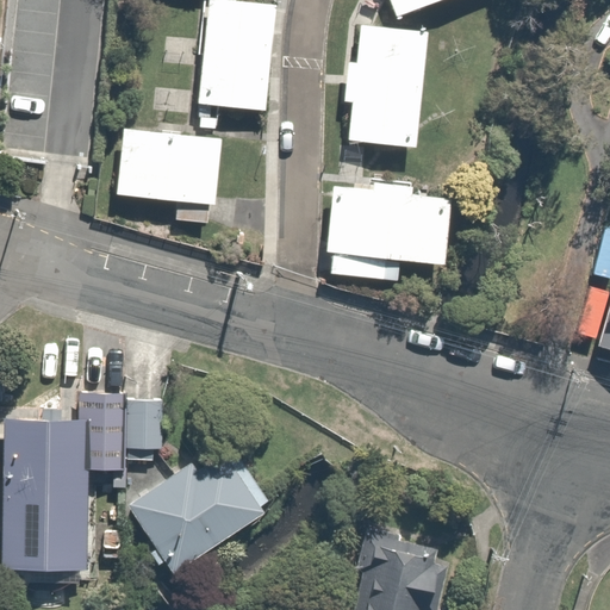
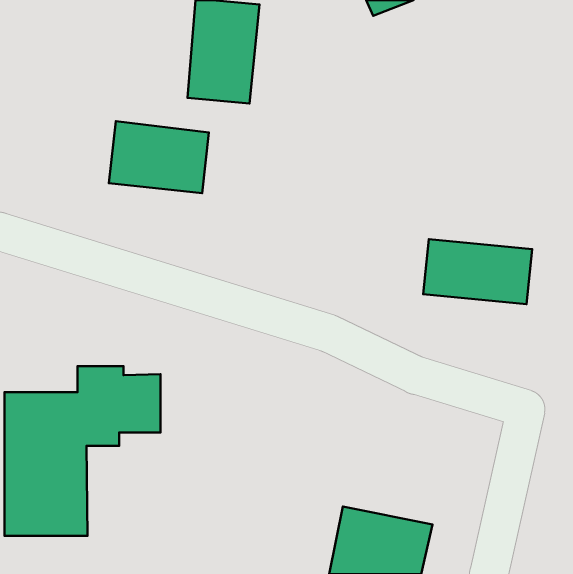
building: [343,24,427,147] -> none
building: [328,189,443,259] -> [423,239,532,304]
building: [126,450,273,580] -> none

